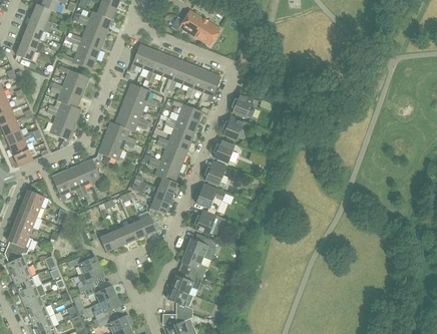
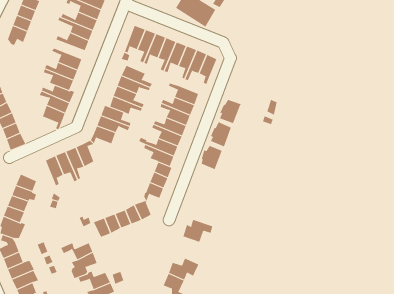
building: [232,92,256,117] -> none
building: [195,183,228,213] -> none
building: [194,209,227,236] -> none
building: [182,250,207,277] -> none

